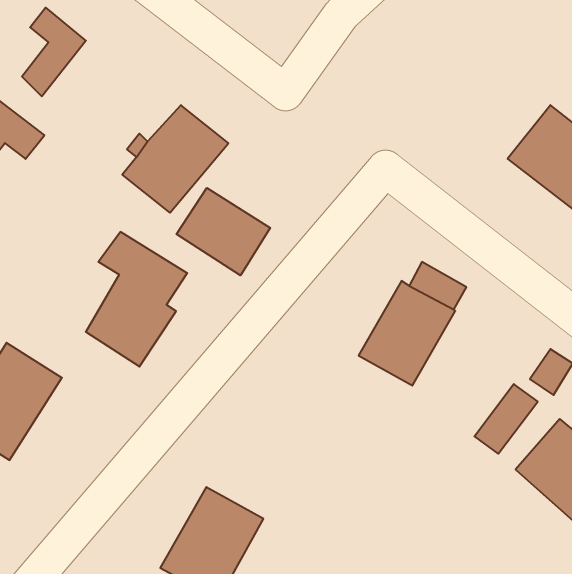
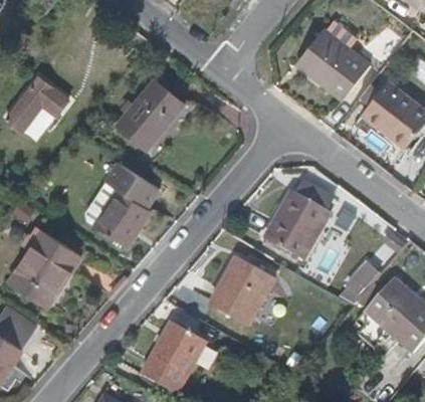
building: [22,8,86,96] -> none
building: none -> [295,28,369,99]
building: [177,188,270,275] -> none
building: none -> [213,259,274,326]

